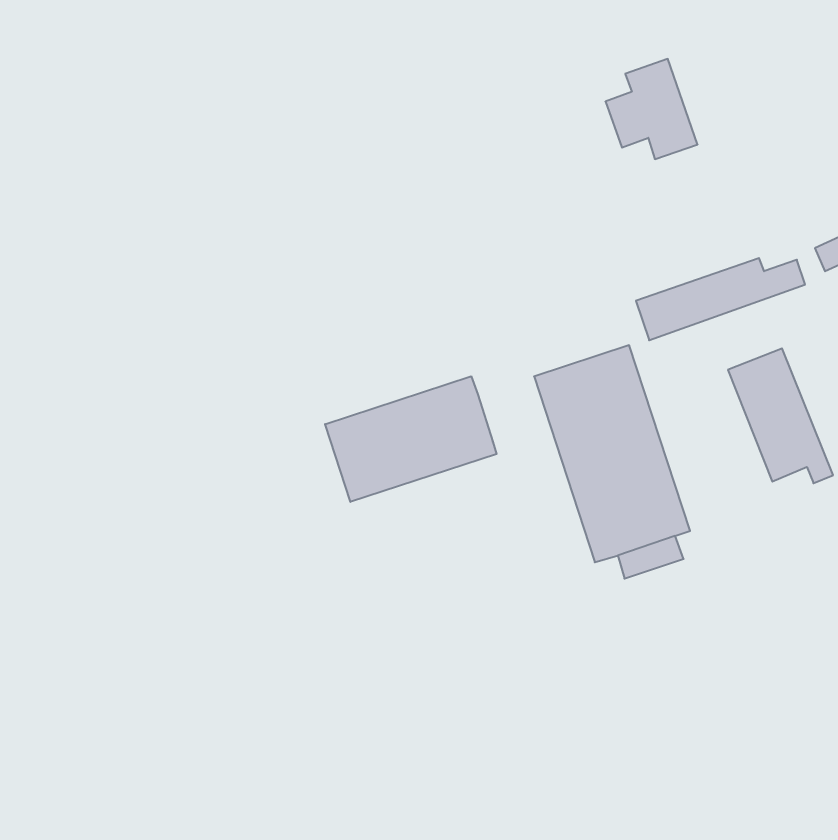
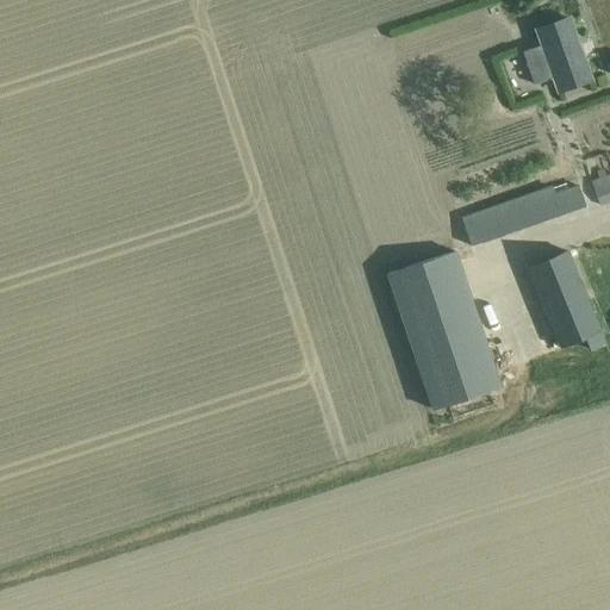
building: [605,59,698,159] -> [525,19,592,92]
building: [325,376,497,502] -> none

